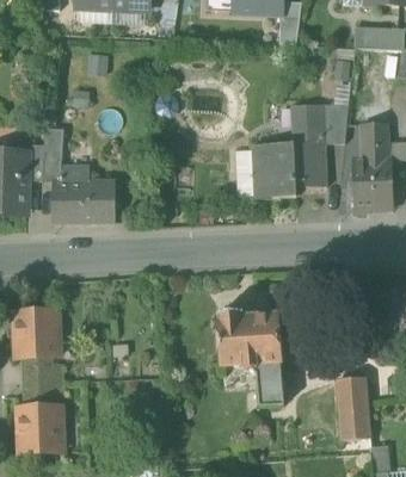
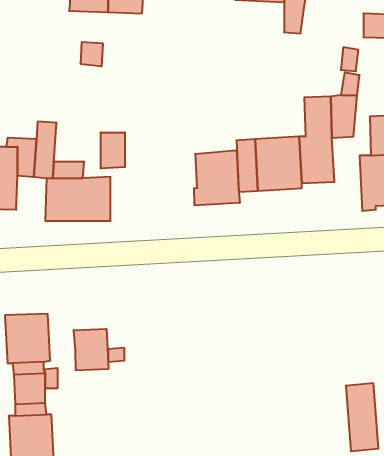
building: none -> [101,132,125,169]
building: none -> [194,150,240,205]
building: [217,303,283,404] -> none
building: none -> [74,329,108,370]

